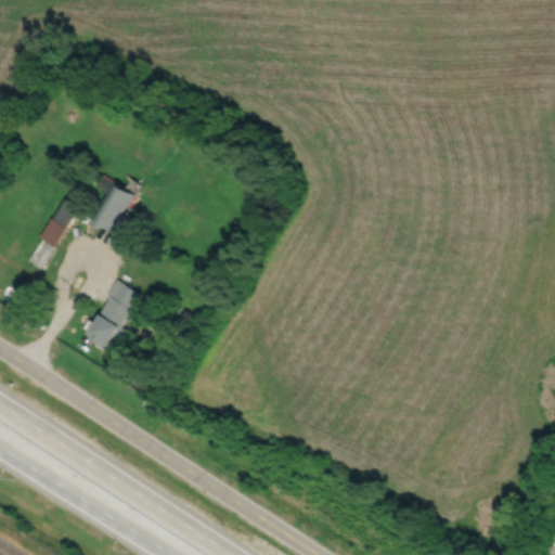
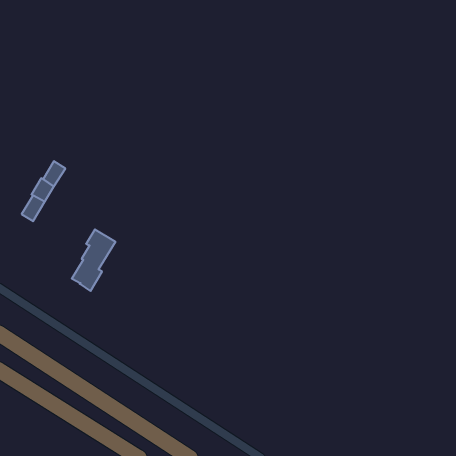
building: [92,183,135,232] -> none

